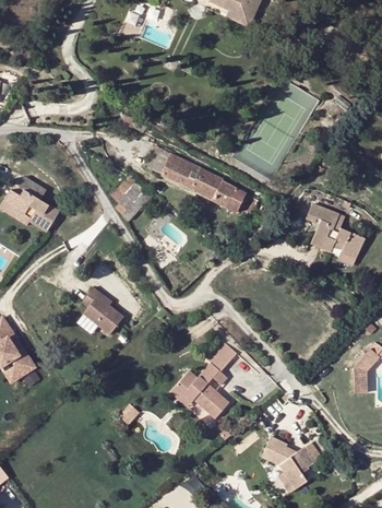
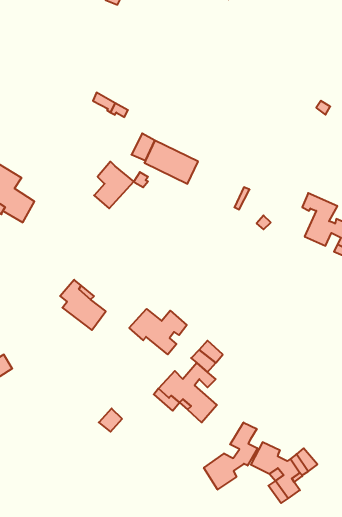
building: [201,175,244,213] -> none
building: none -> [129,309,187,354]
building: none -> [204,422,257,490]

